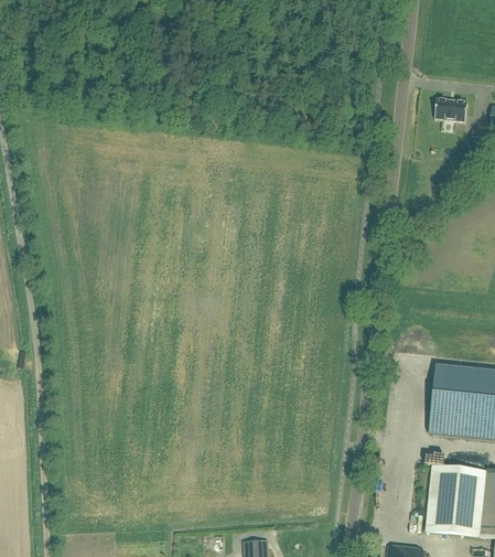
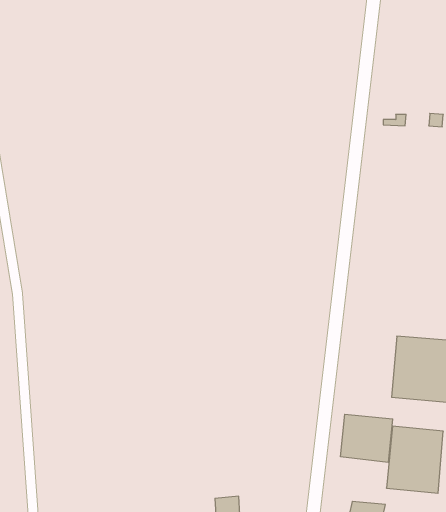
building: [434,97,467,120] -> none
building: none -> [341,414,393,462]

